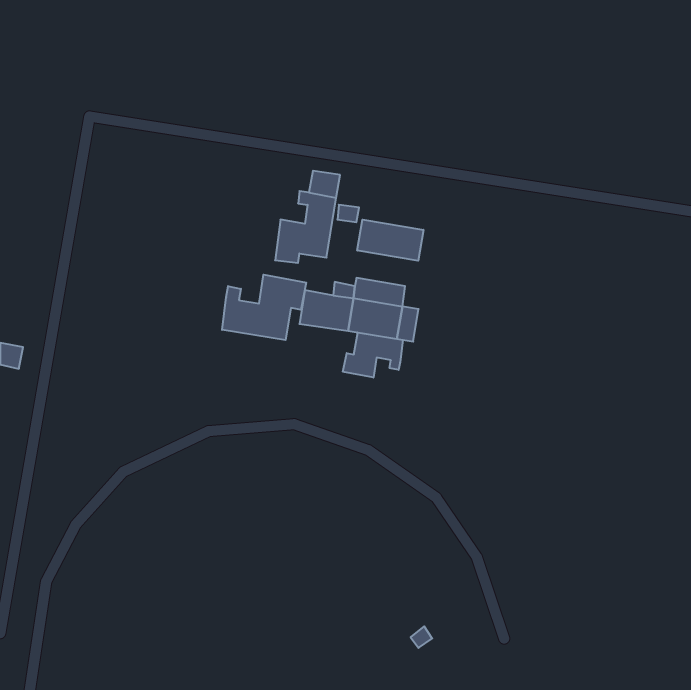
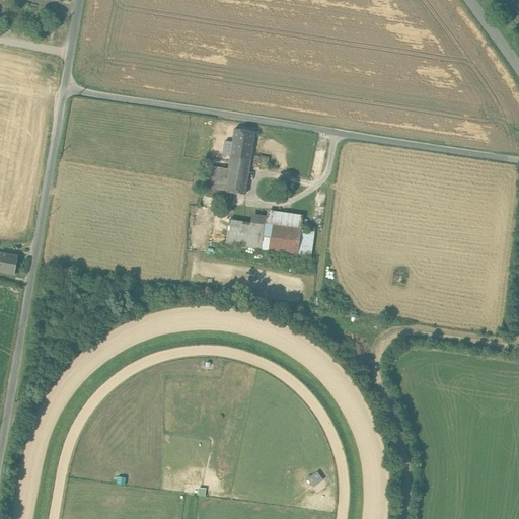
building: [357,220,423,261] -> none
building: [222,275,306,340] -> none
building: [343,332,403,378] -> none

